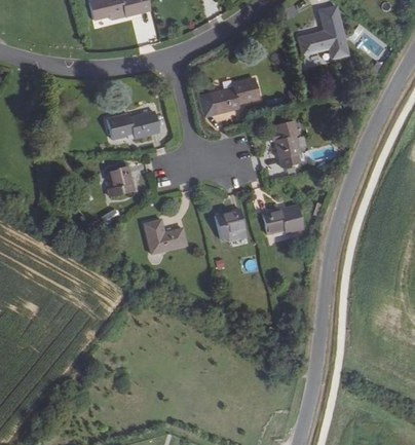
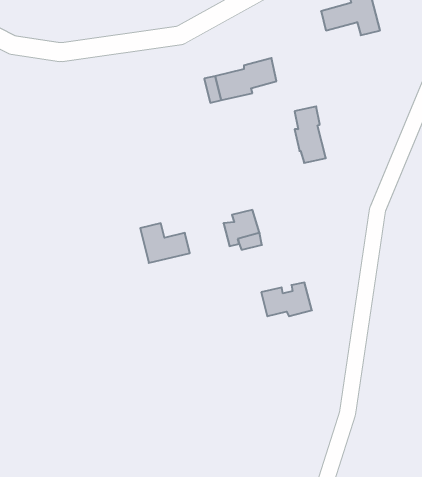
building: [106,110,160,139] -> none
building: [107,163,133,196] -> none
building: [261,205,304,233] -> [261,283,312,316]

